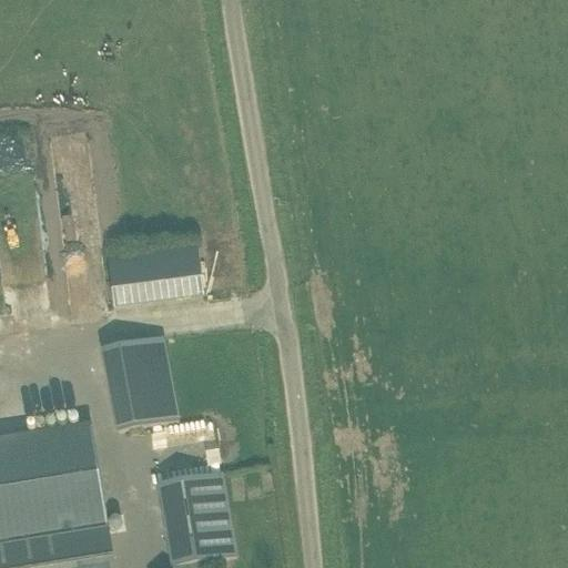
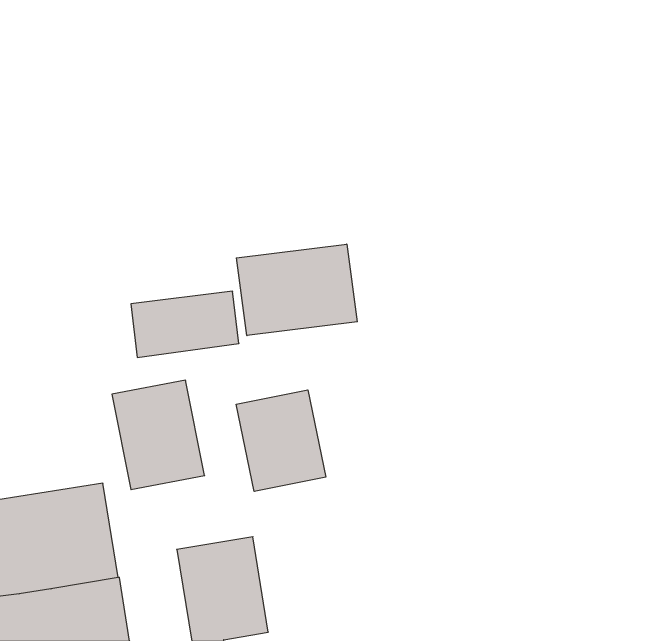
building: none -> [236,244,357,336]
building: none -> [236,390,326,491]

